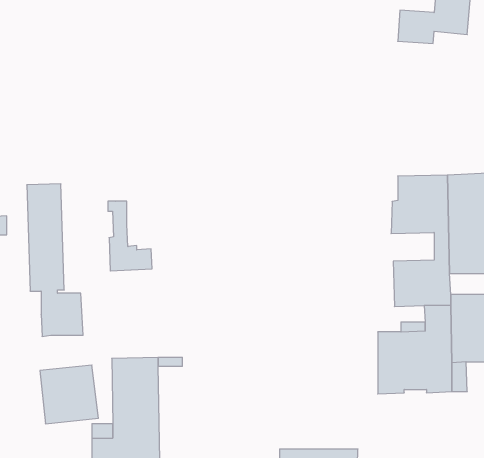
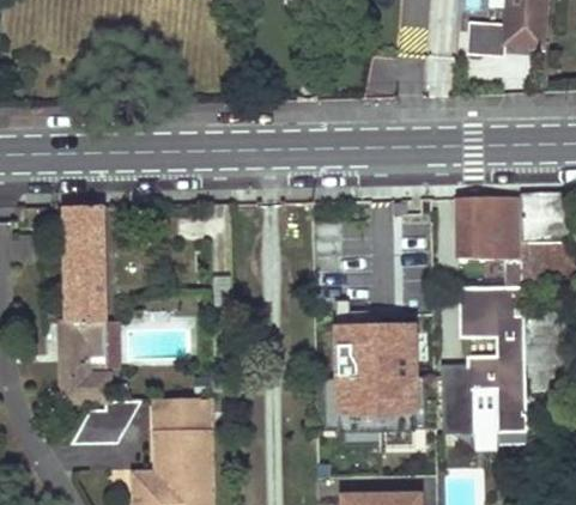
building: [108,201,152,271] -> [59,322,107,397]
building: none -> [329,325,417,422]

